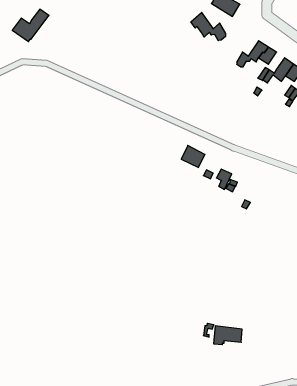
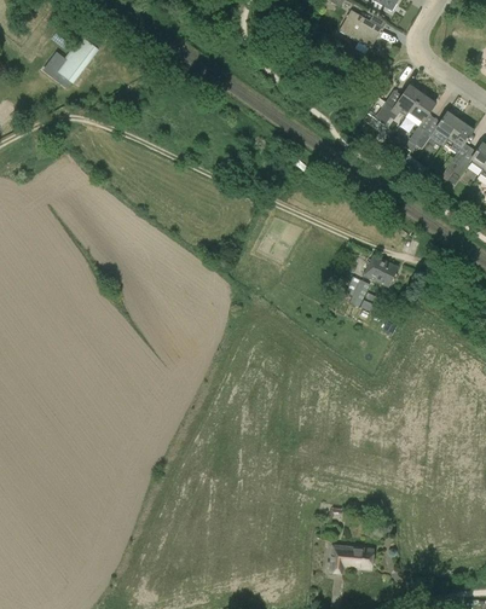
building: [191,12,226,41] -> none
building: [181,145,205,167] -> [363,254,398,286]
building: [214,326,242,345] -> [330,545,372,573]

